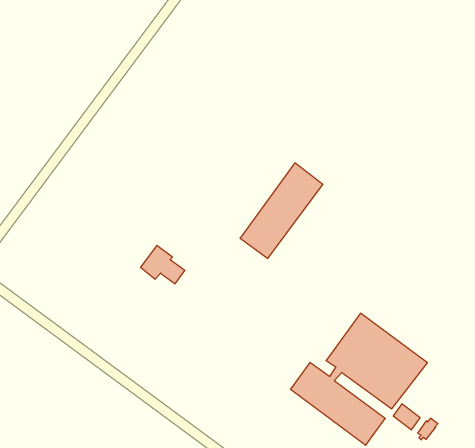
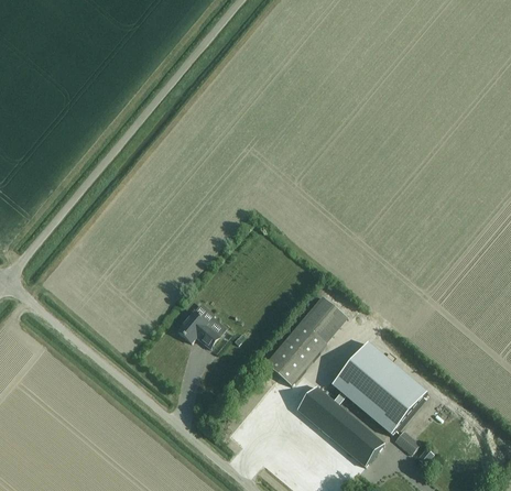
building: [240,163,323,258] -> [264,296,346,385]
building: [141,245,185,284] -> [176,310,218,348]

